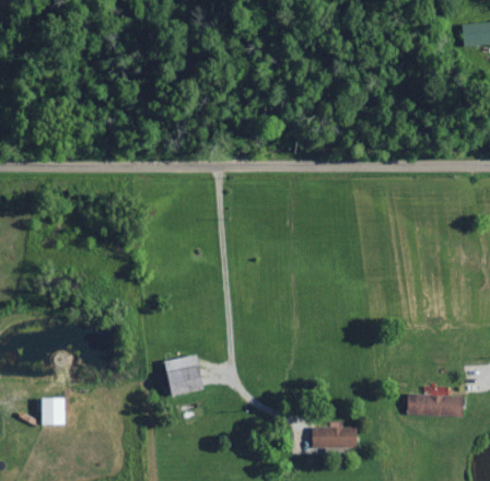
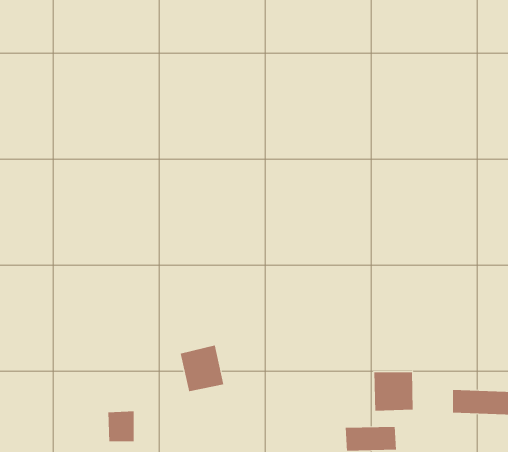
building: none -> [374,371,413,411]
building: [40,398,65,425] -> [107,411,135,442]

